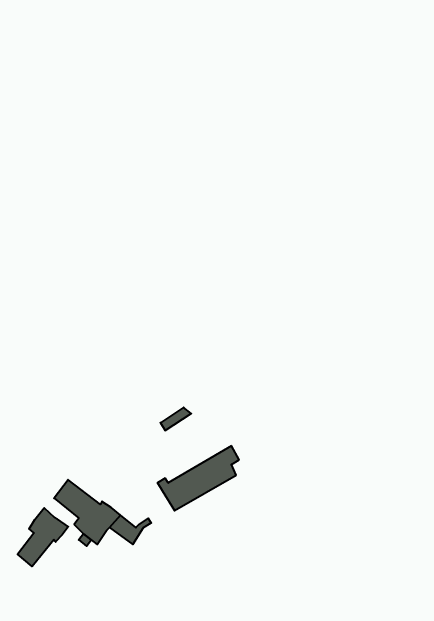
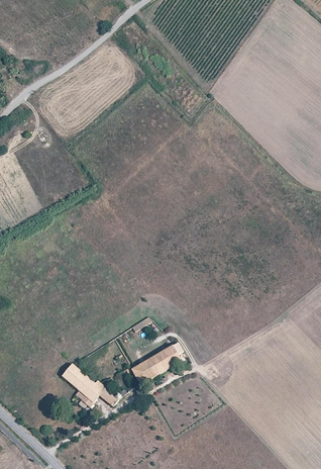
building: [18,508,68,566] -> none

